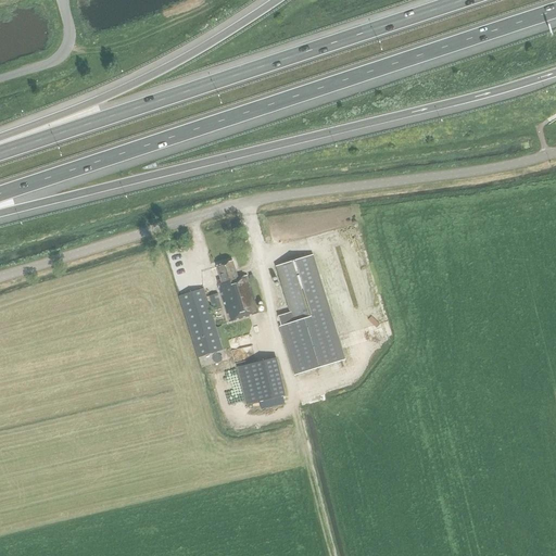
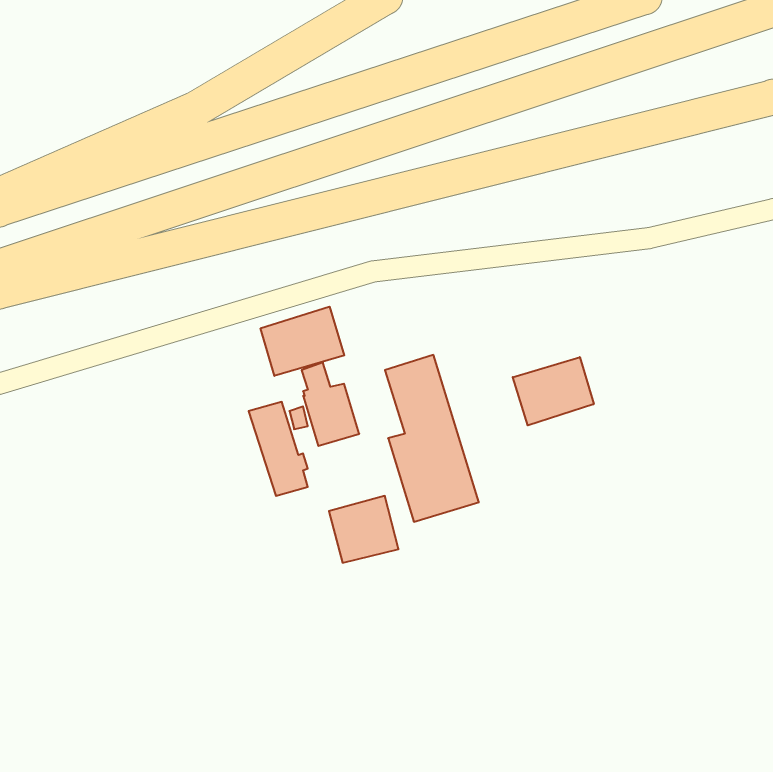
building: none -> [261,307,344,376]
building: none -> [513,357,594,425]

